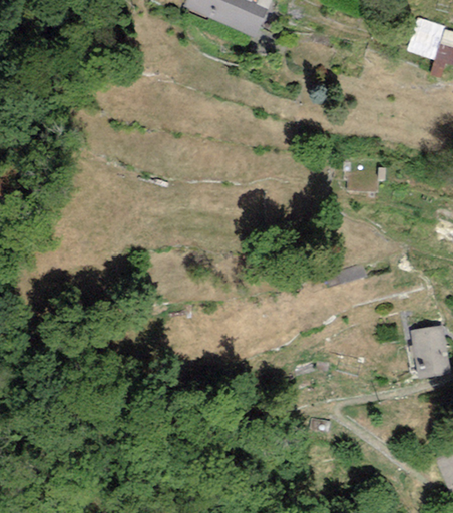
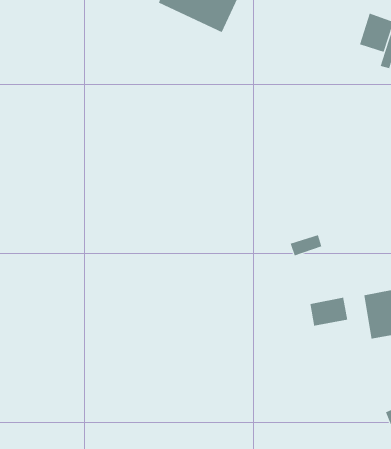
building: none -> [310,297,348,327]

